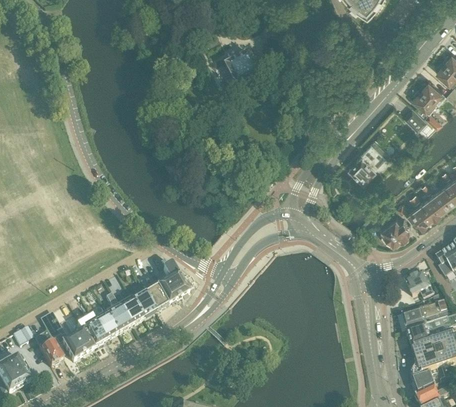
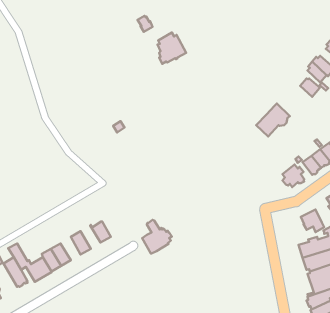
building: [156,262,193,304] -> [142,220,172,253]
building: [129,290,154,319] -> none
building: [104,293,129,333] -> none

